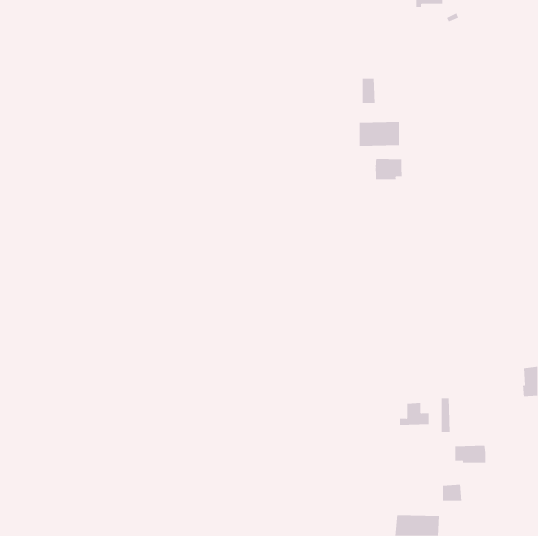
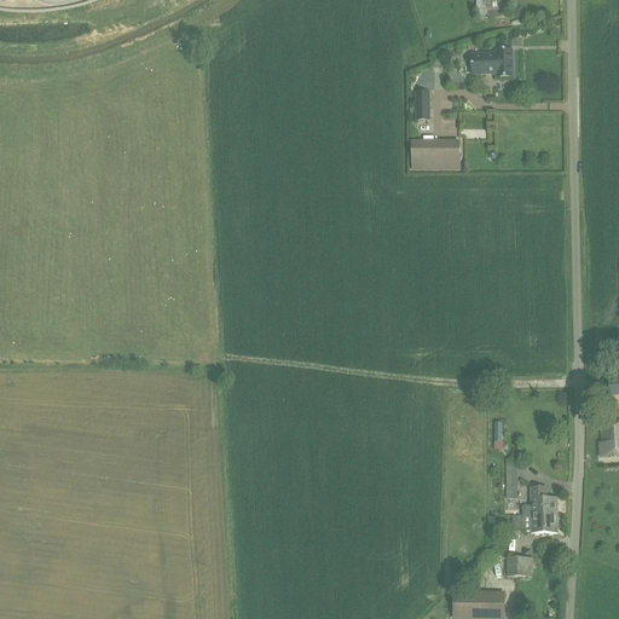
building: none -> [472,47,513,75]
building: [375,158,402,180] -> none
building: [399,402,430,426] -> [521,485,556,511]

